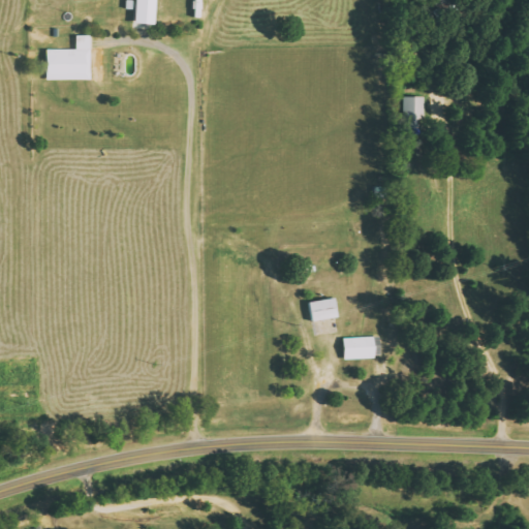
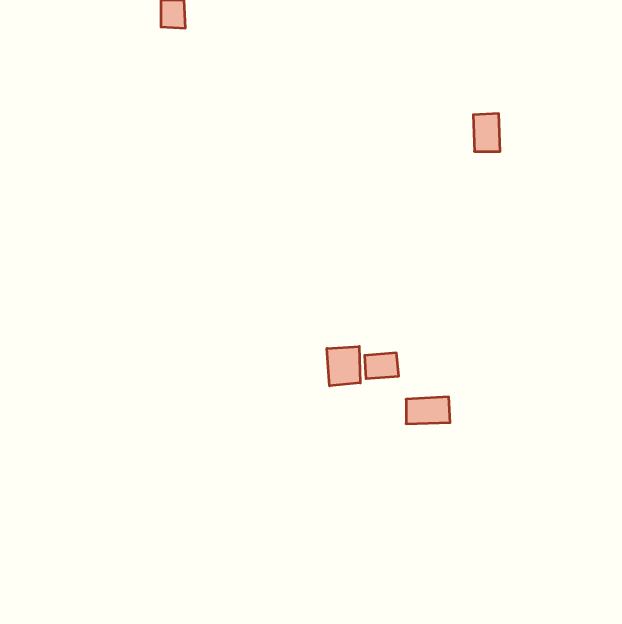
building: [48,35,91,80] -> none
building: none -> [327,346,360,386]

